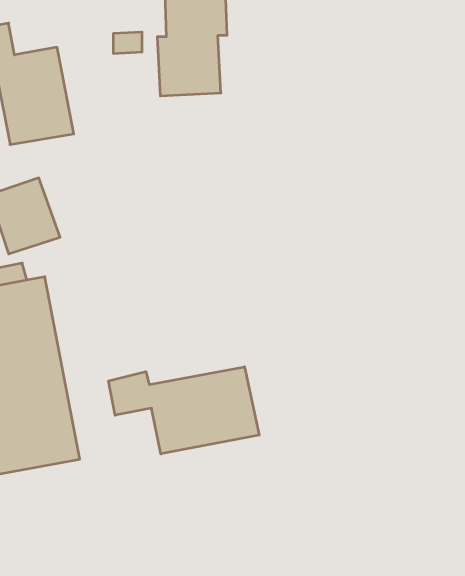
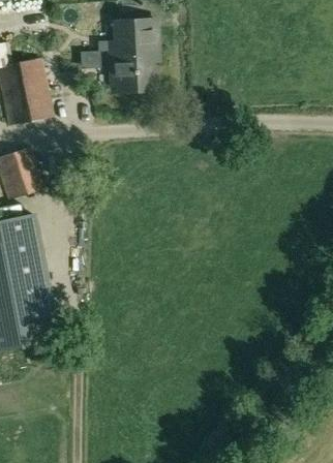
building: [109,367,259,454] -> none

